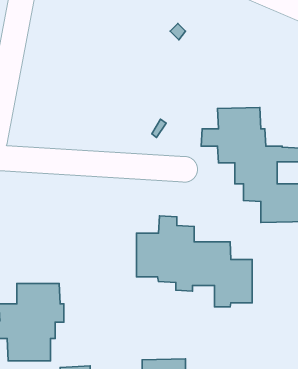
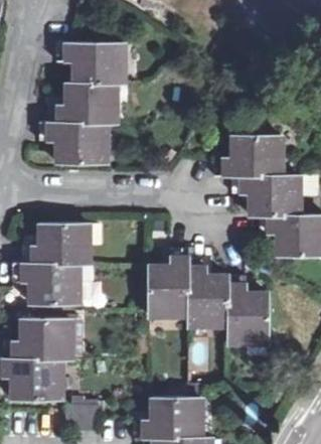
building: none -> [41,43,127,162]
building: none -> [14,224,91,304]

